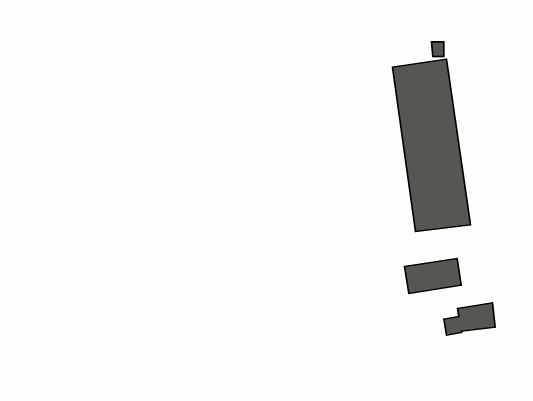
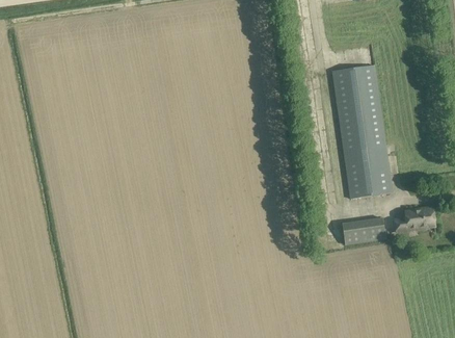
building: [444,303,495,335] -> [394,207,433,232]

